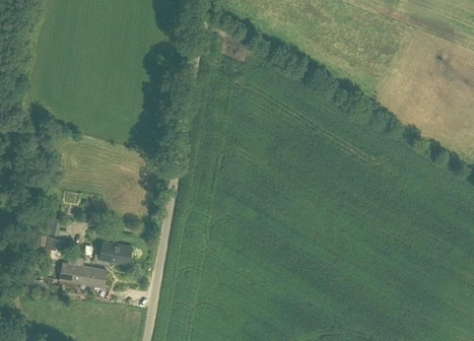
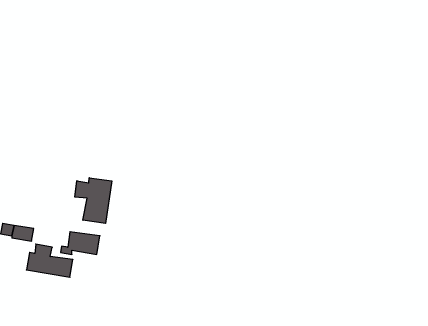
building: none -> [75,178,112,223]

